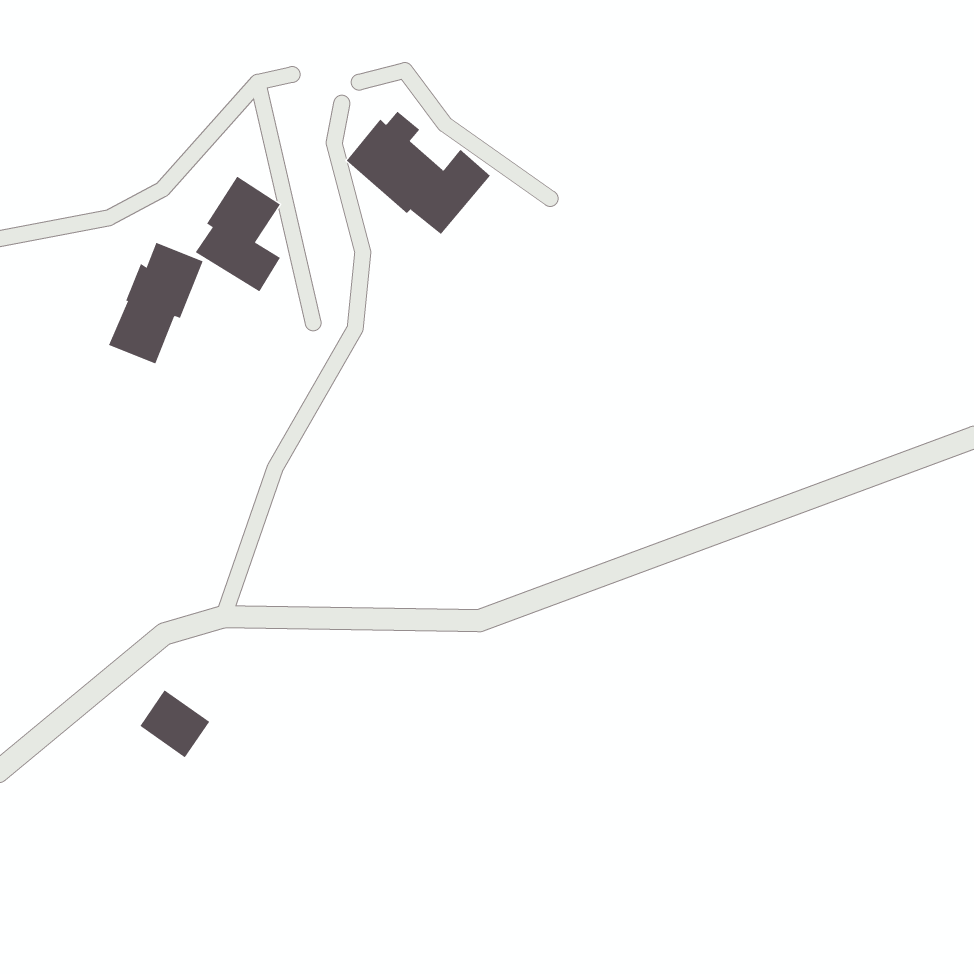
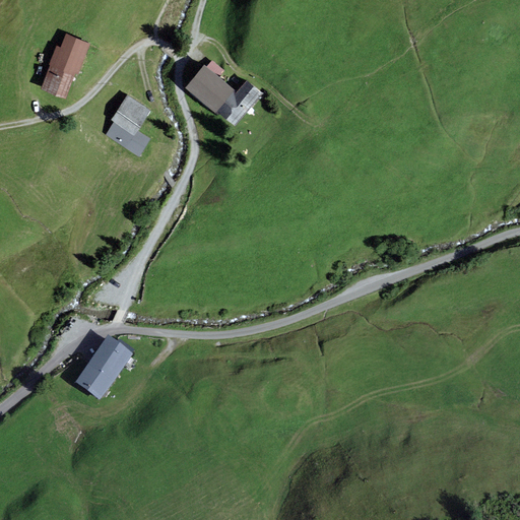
building: [108,242,204,364] -> [39,32,89,98]
building: none -> [87,339,133,384]

